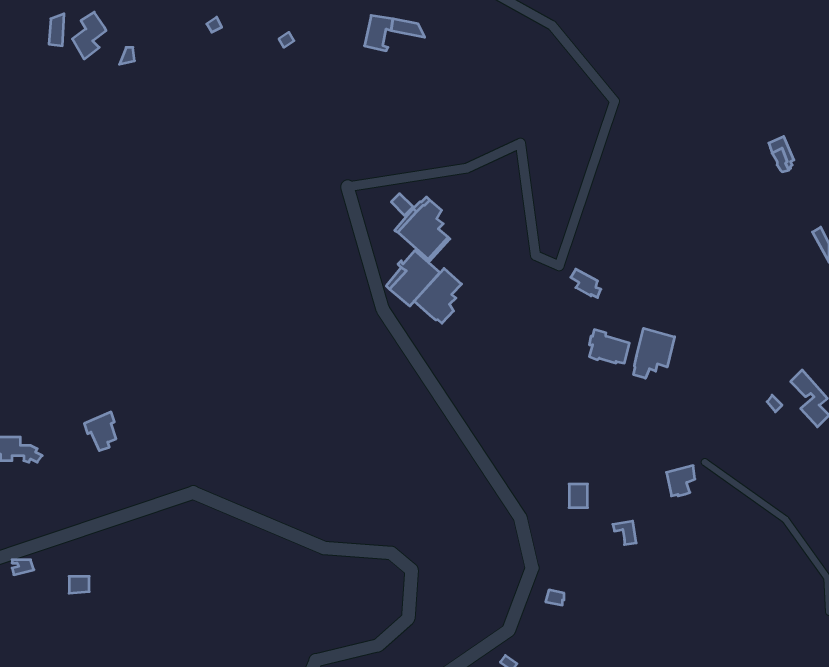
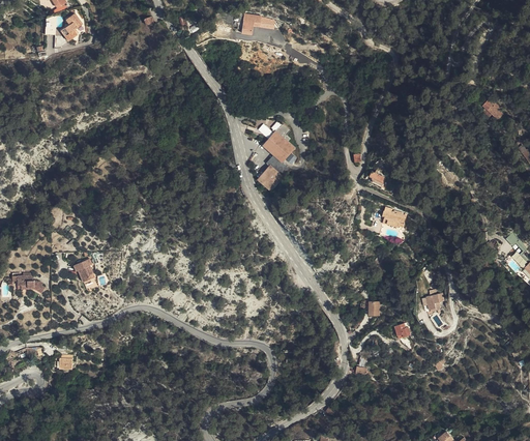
building: [414,268,462,323] -> none
building: [634,328,675,378] -> none

